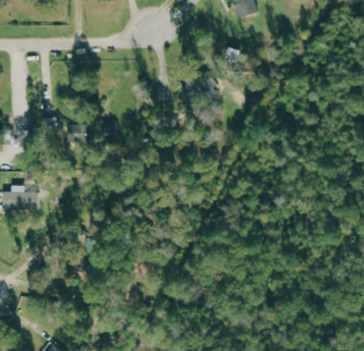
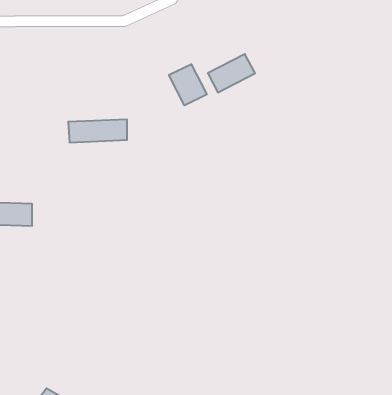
building: none -> [169,64,207,105]

